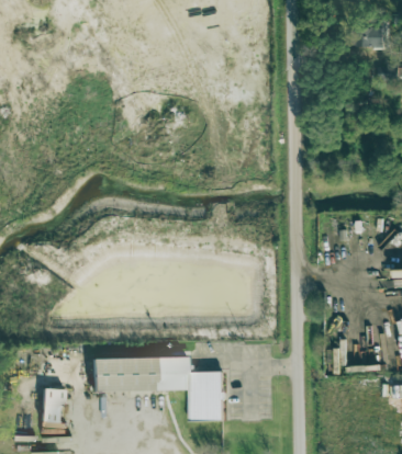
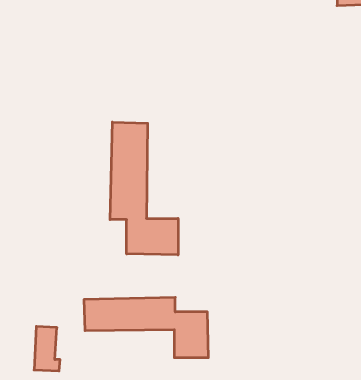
building: none -> [110,122,178,255]

